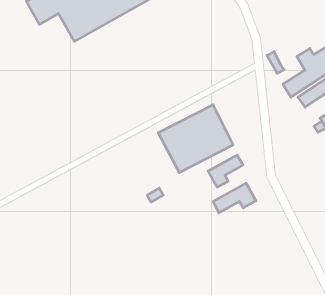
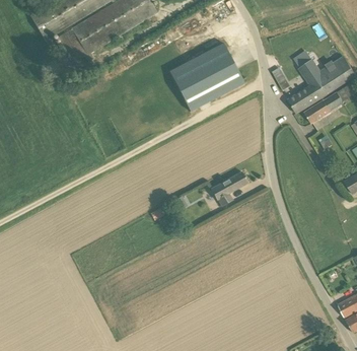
building: [158,105,233,173] -> [168,43,244,112]
building: [213,183,256,213] -> none

